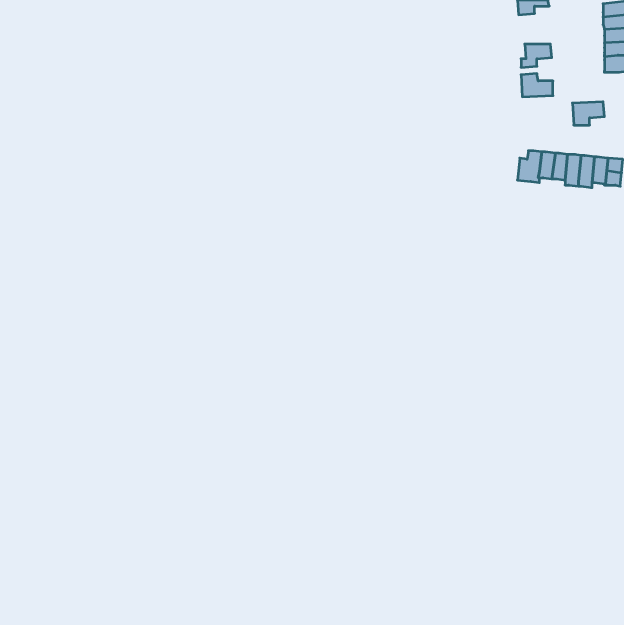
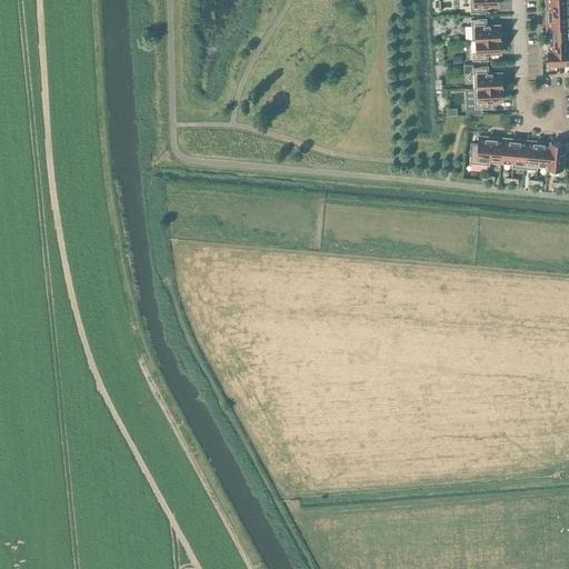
building: none -> [473,20,501,42]
building: [572,102,604,125] -> [476,88,505,109]

